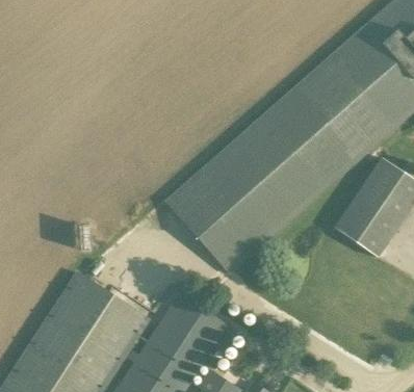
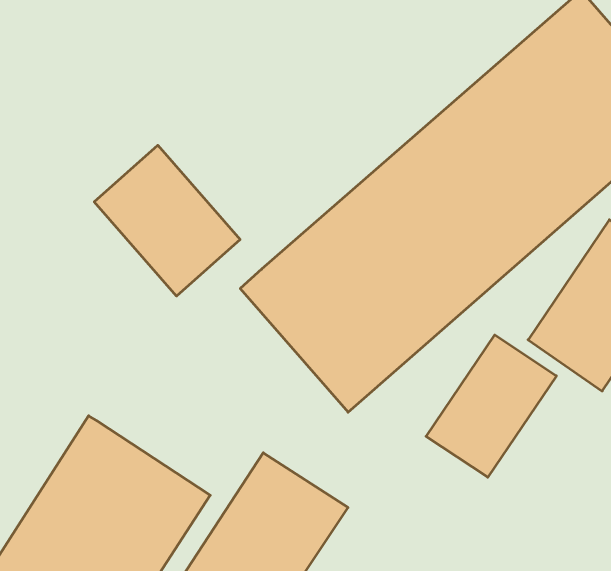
building: none -> [94,145,240,296]
building: none -> [426,335,556,477]

